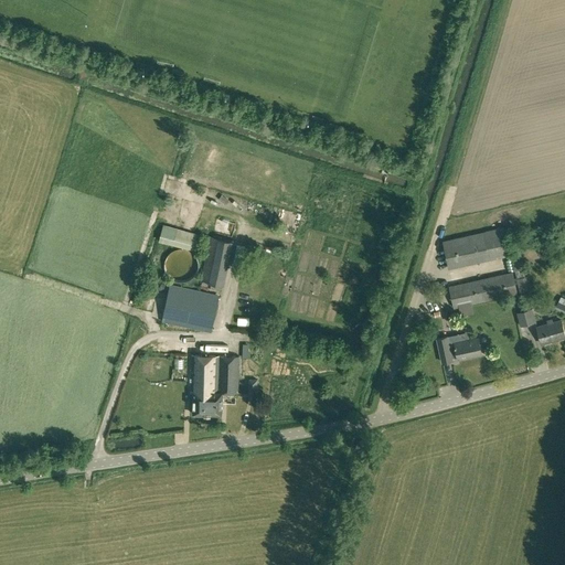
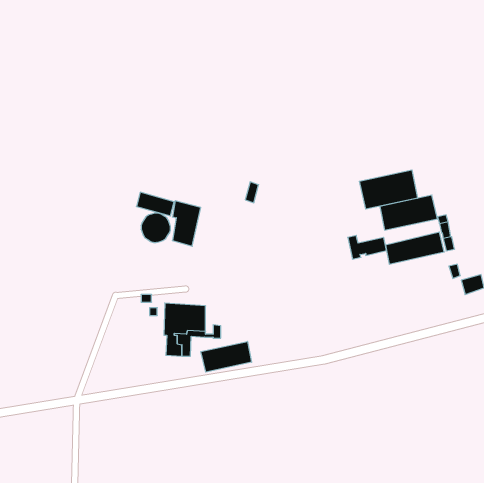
building: none -> [359,170,417,209]
building: [163,287,217,331] -> none
building: [437,337,482,364] -> [348,235,387,259]
building: none -> [201,341,252,372]

